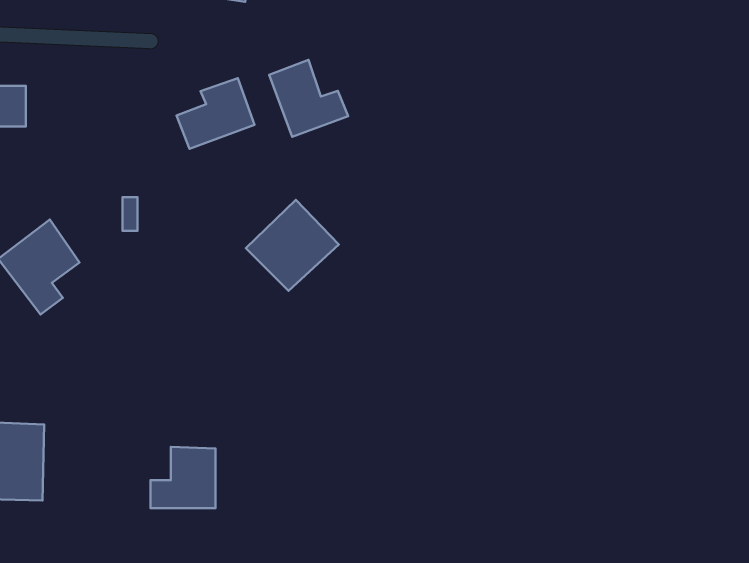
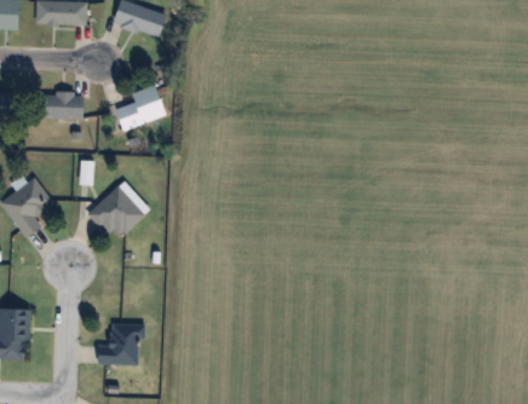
building: [269,60,348,137] -> none
building: none -> [42,92,84,117]
building: [246,200,339,291] -> [88,181,149,241]

